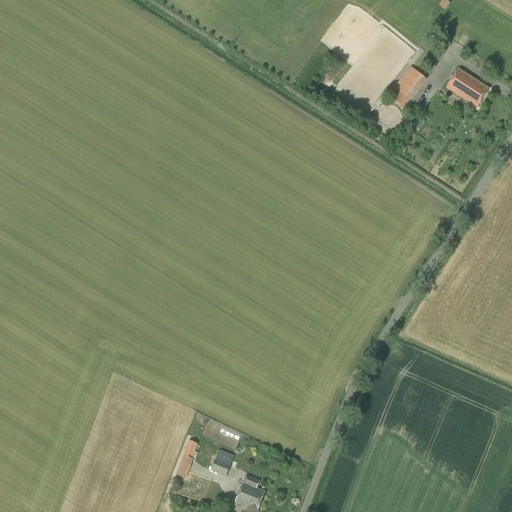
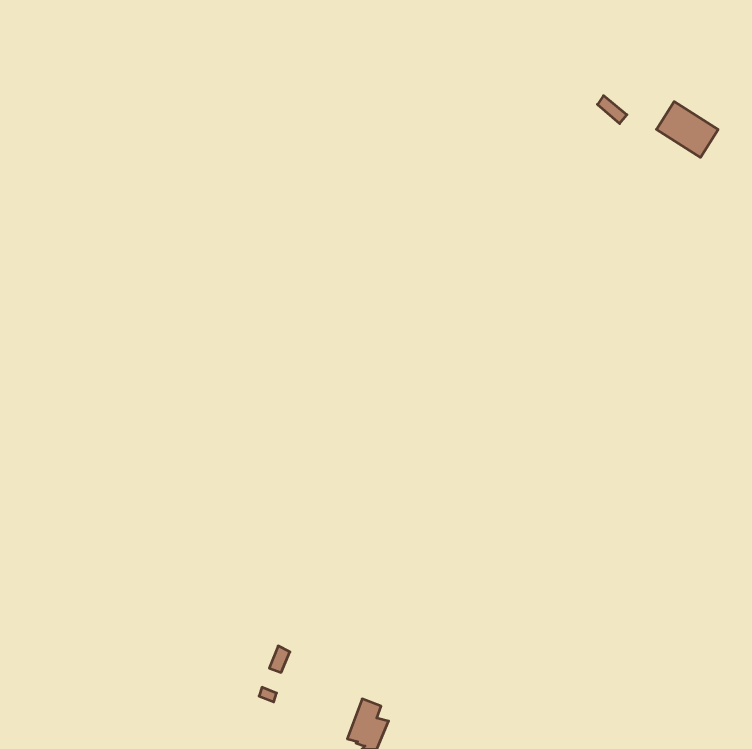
building: [392,76,417,107] -> none
building: [211,448,234,475] -> none

